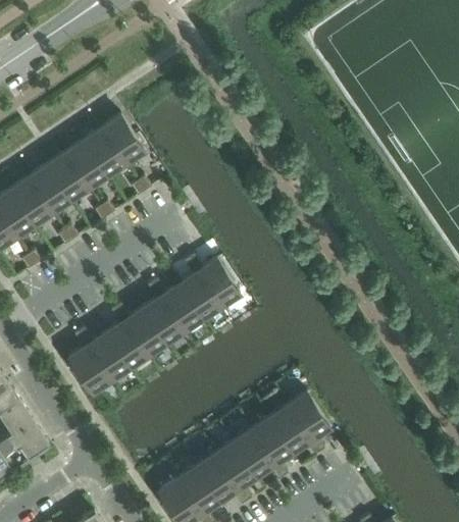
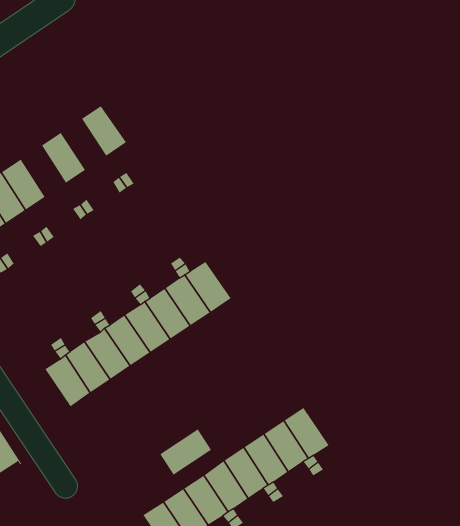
building: [83,129,123,176] -> none
building: [46,154,87,201] -> none
building: none -> [159,428,212,476]

